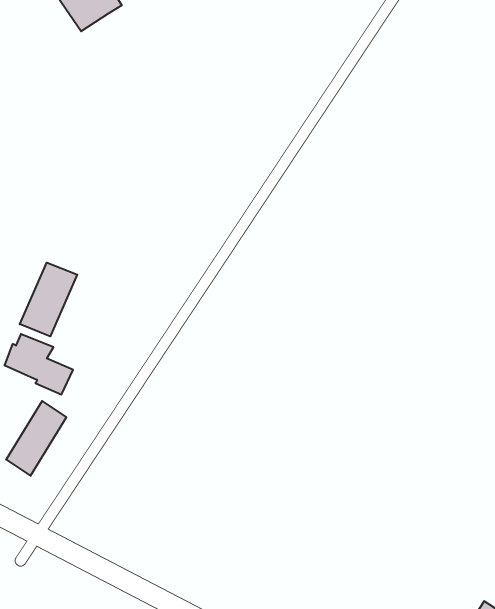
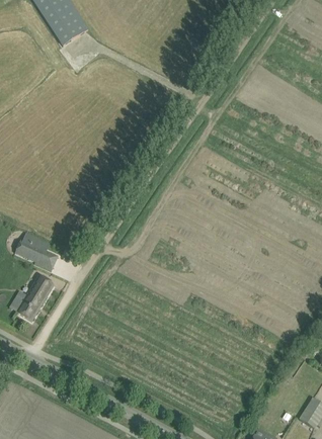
building: [20,263,77,336] -> none

